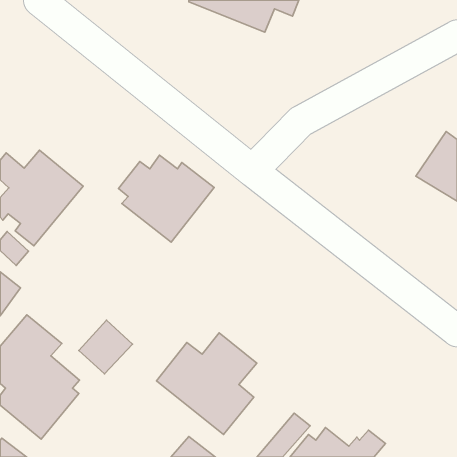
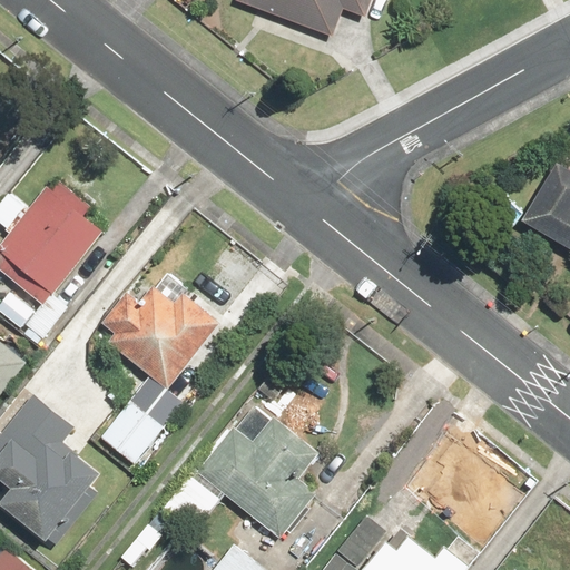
building: [118,155,214,242] -> [101,281,220,389]

